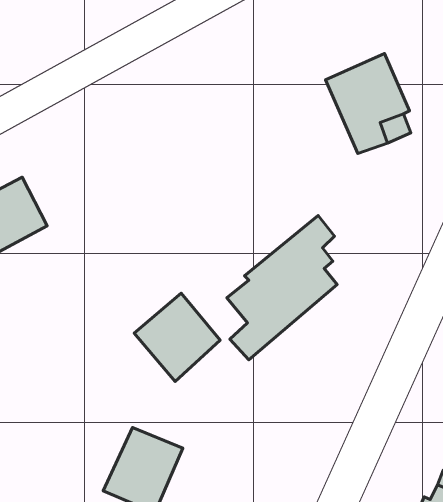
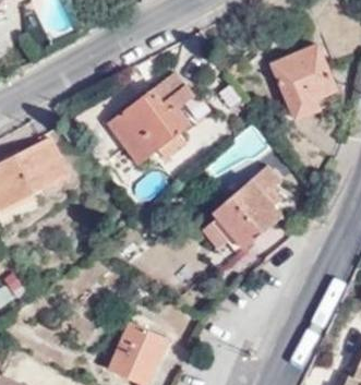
building: none -> [109,73,193,161]
building: [134,293,220,381] -> none

